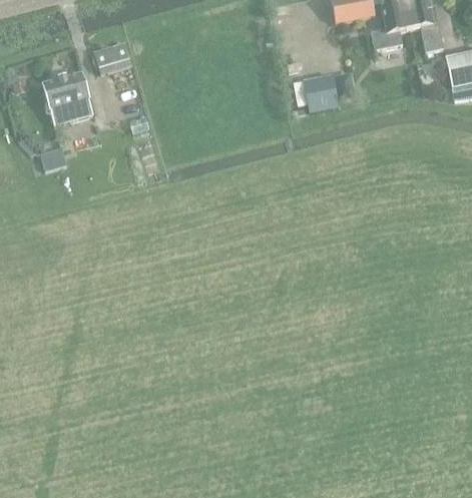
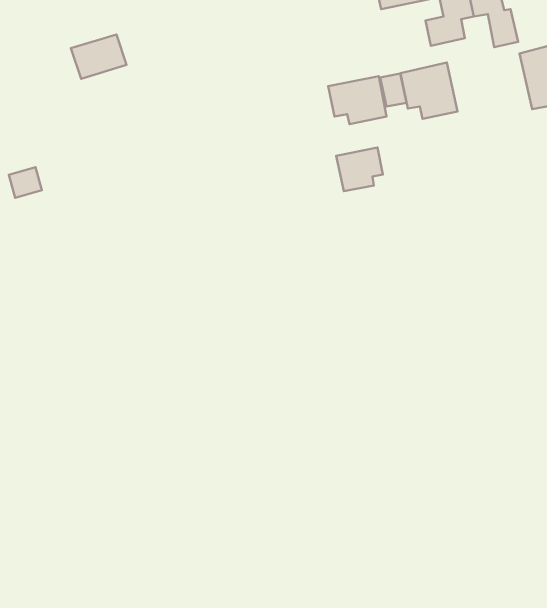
building: none -> [400,63,457,119]
building: [43,71,93,123] -> none
building: none -> [336,148,383,191]

